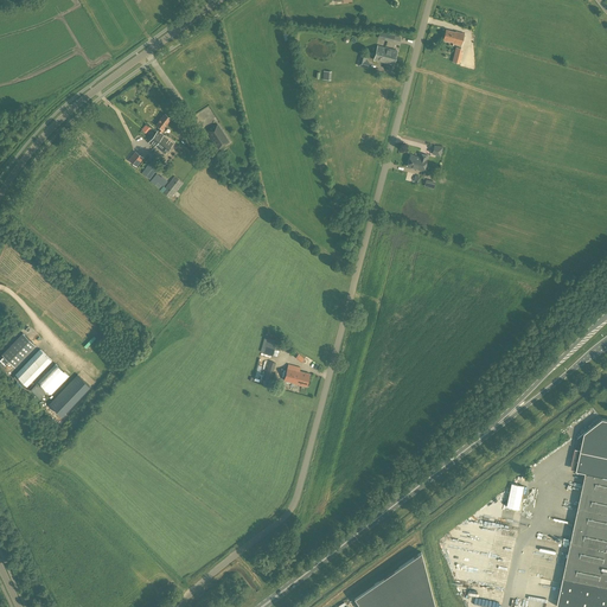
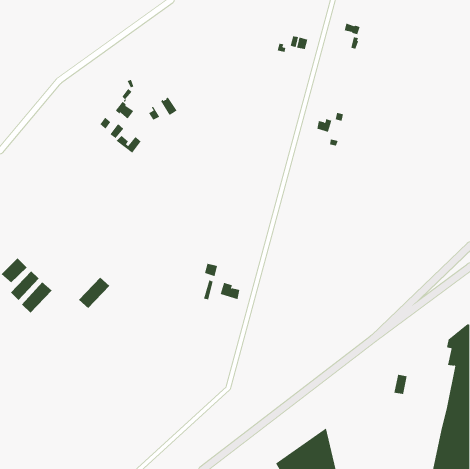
building: [49,376,90,417] -> [78,277,110,309]

